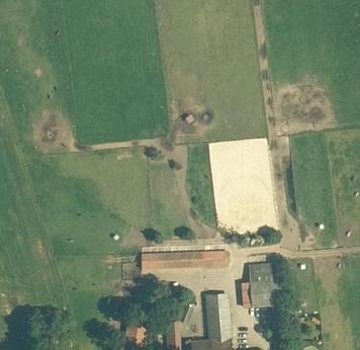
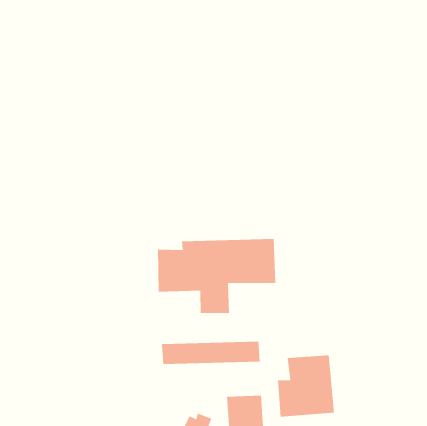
building: none -> [157,238,276,314]

